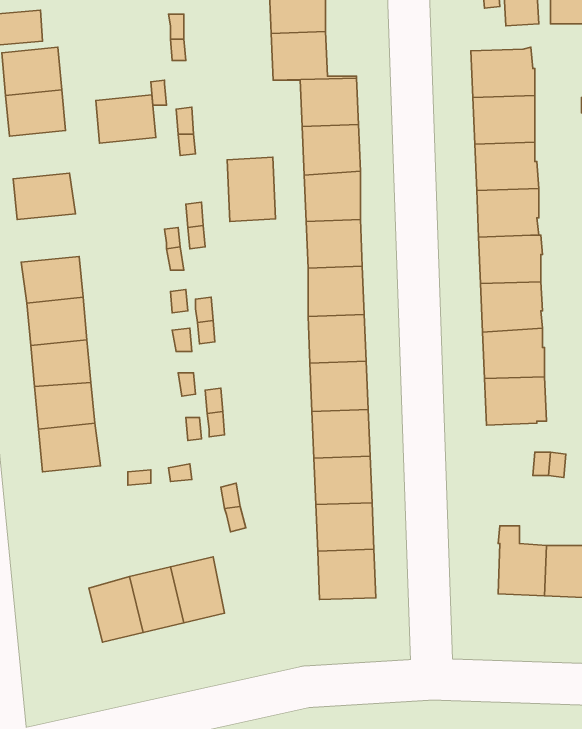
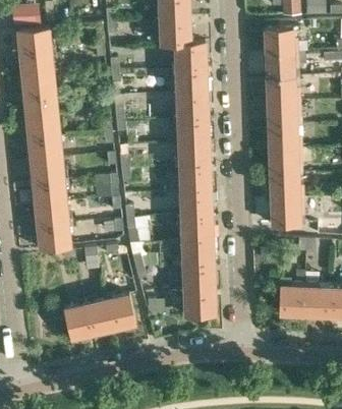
building: [96,95,156,143] -> [22,71,54,97]
building: [227,157,276,221] -> none
building: none -> [26,115,59,140]

